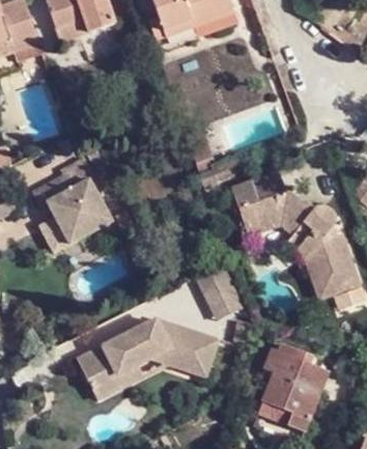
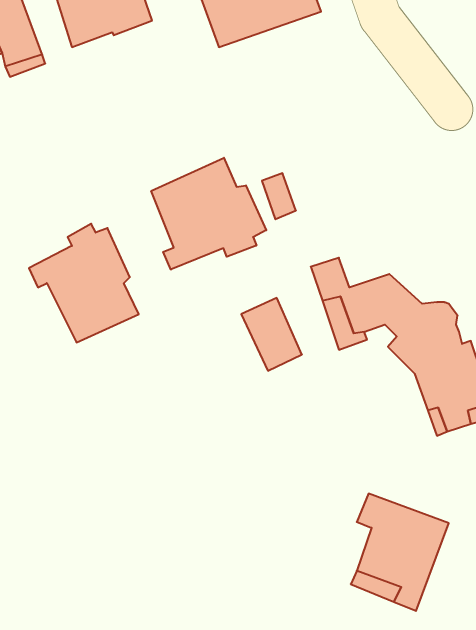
building: none -> [151,158,266,270]
building: [196,269,238,319] -> [241,298,302,371]
building: [73,317,219,402] -> none

